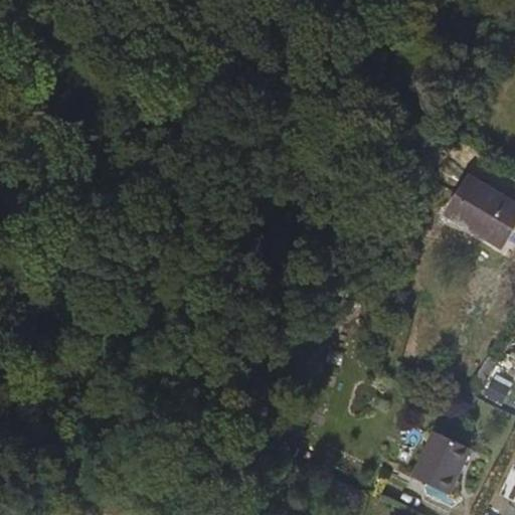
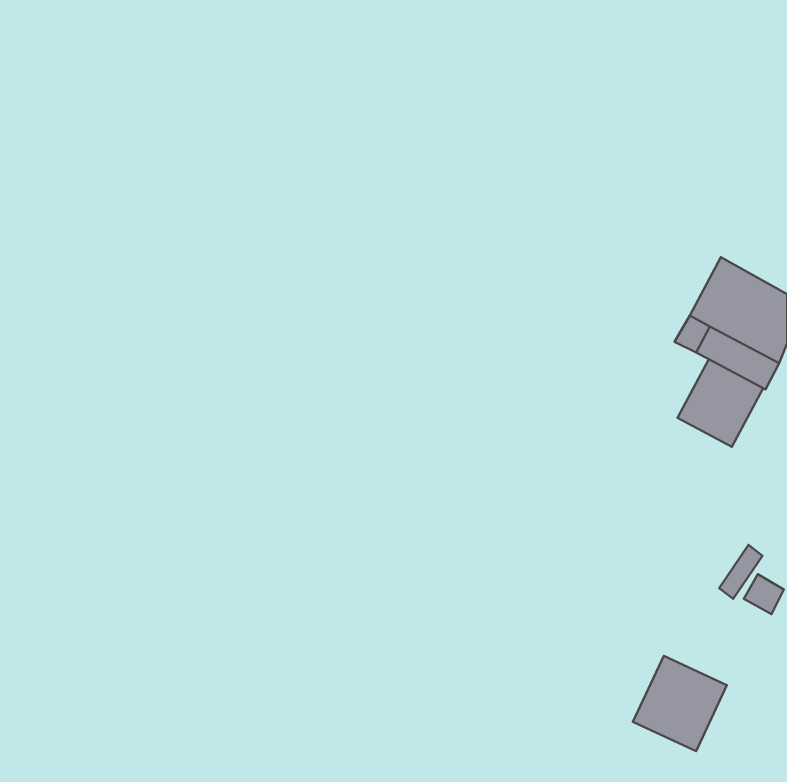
building: none -> [677,359,763,447]

